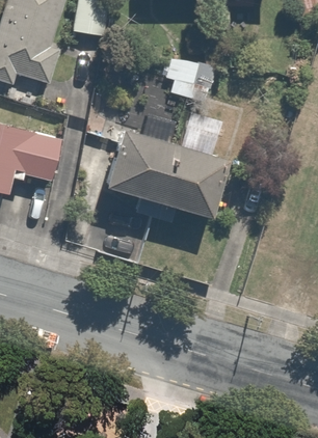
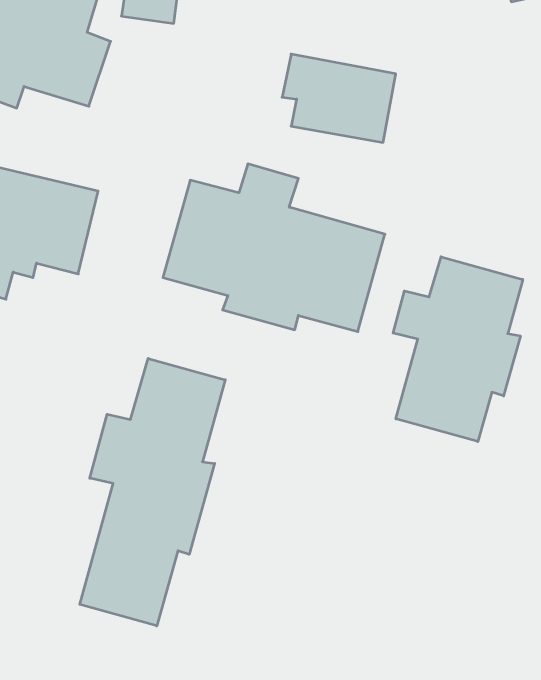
building: none -> [393,257,523,442]
building: none -> [80,358,225,626]

